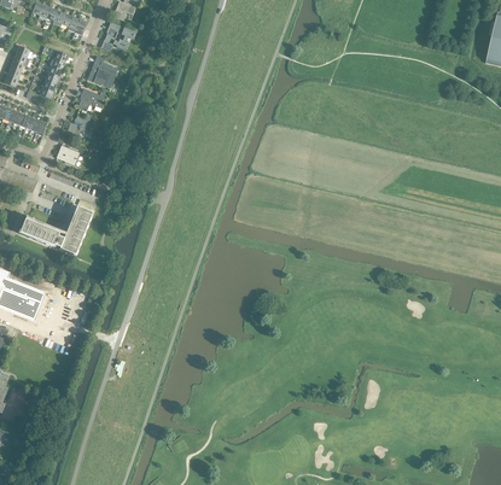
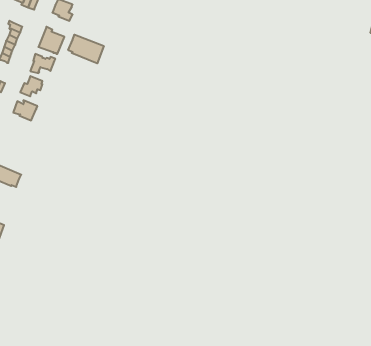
building: none -> [68,35,104,63]
building: [58,206,92,255] -> none

